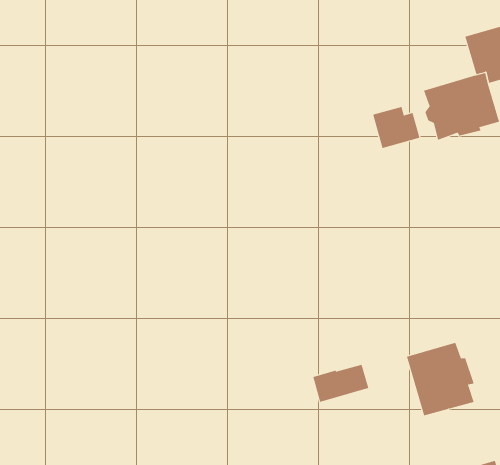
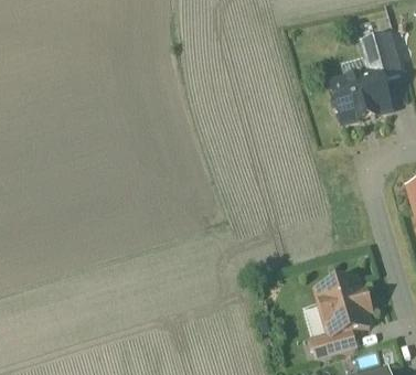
building: [372,106,420,149] -> none
building: [312,364,369,402] -> [311,328,355,357]

